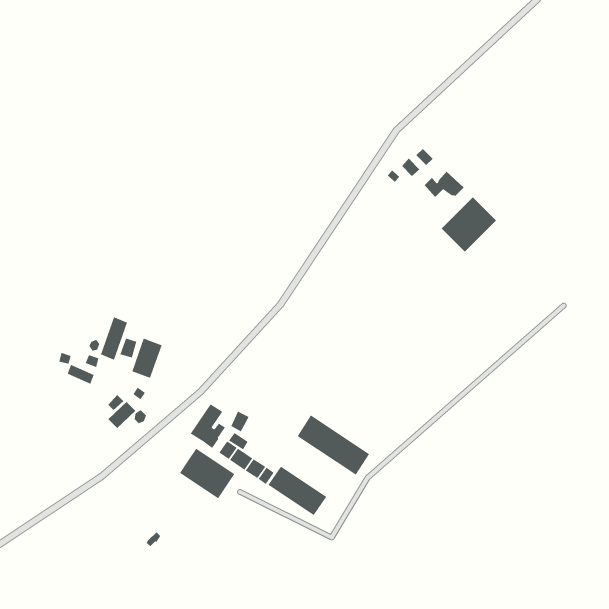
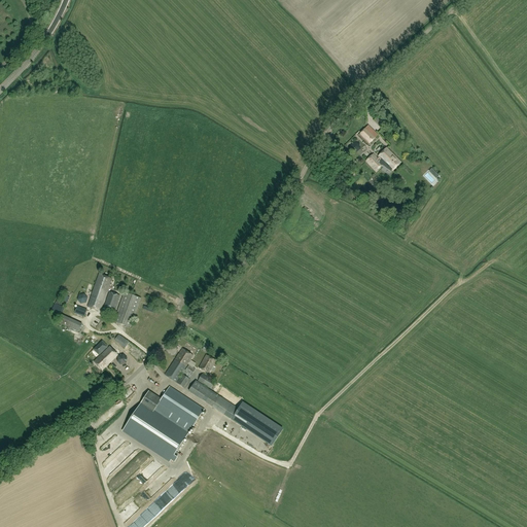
building: [441,196,497,253] -> none
building: [297,415,370,476] -> none
building: none -> [121,390,187,461]

